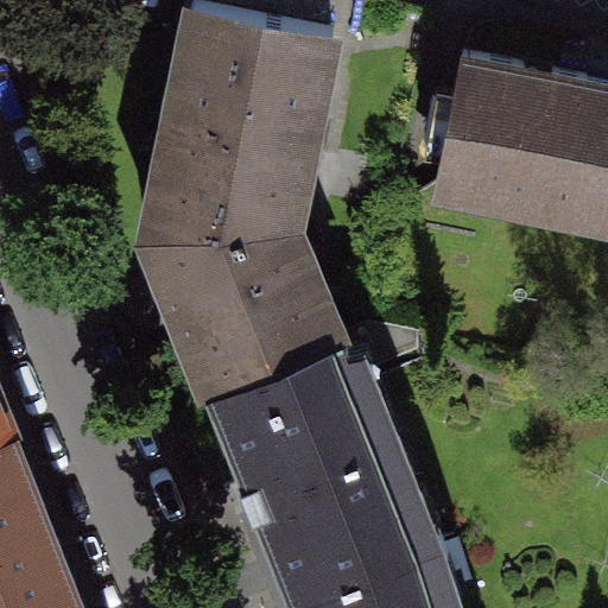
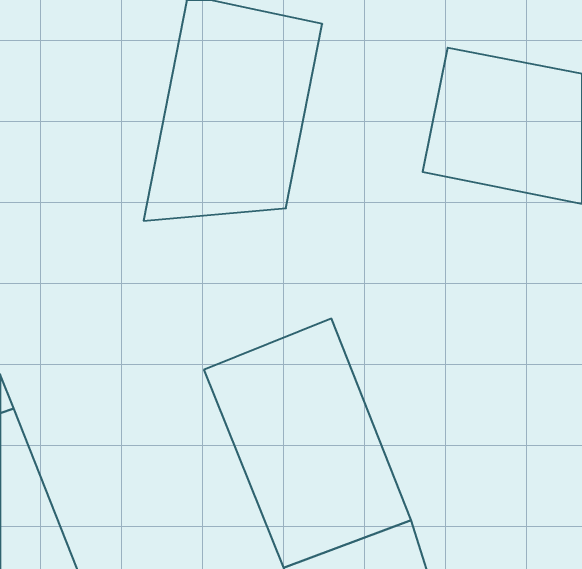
building: [150,230,346,399] -> none

